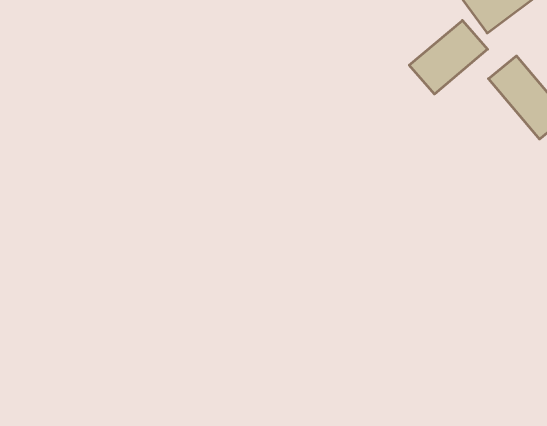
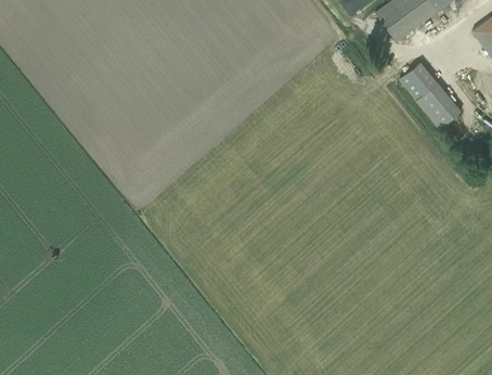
building: [409,20,488,94] -> none

